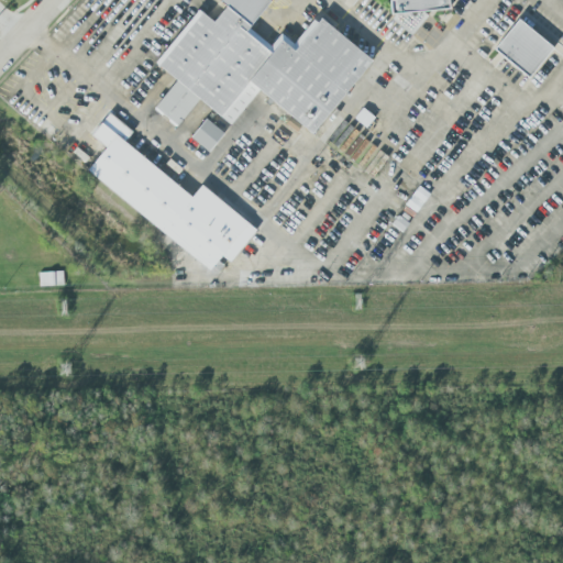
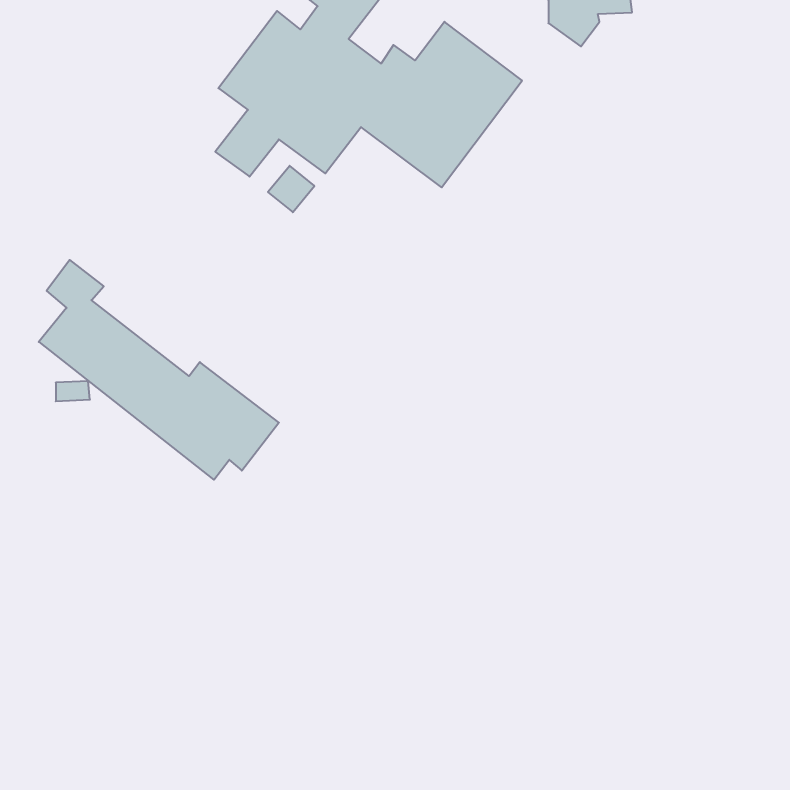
building: [494,18,554,77] -> none
building: [87,112,257,268] -> [39,260,279,480]

